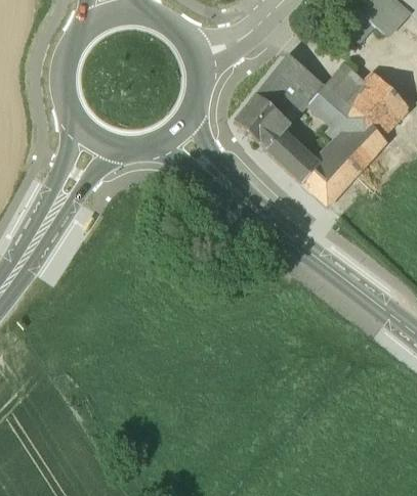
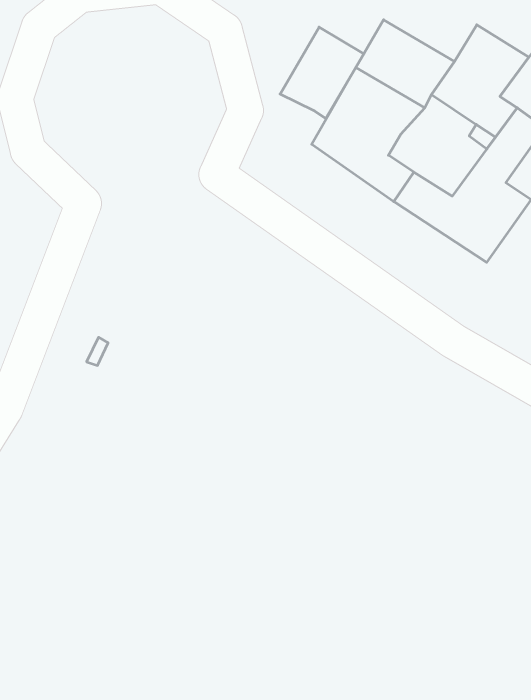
building: none -> [280,27,364,119]

